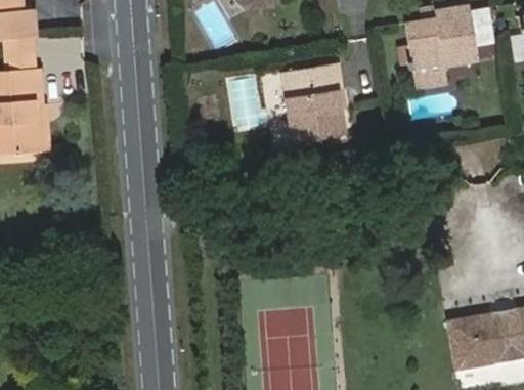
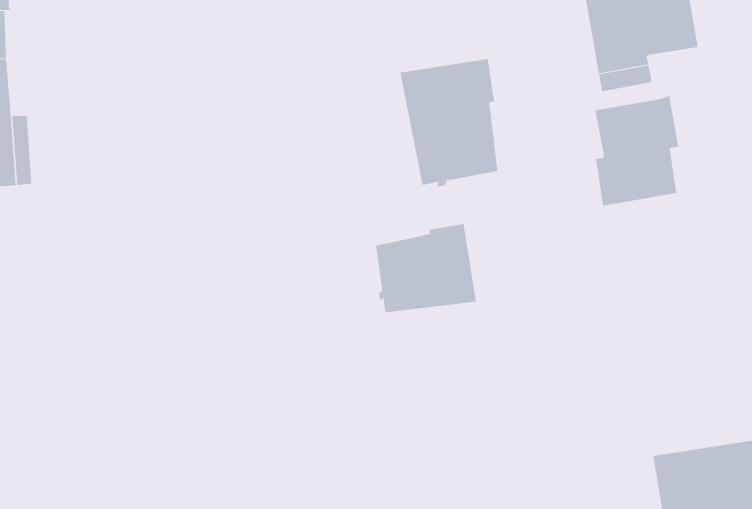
building: none -> [595,95,679,206]
building: none -> [375,223,477,313]

